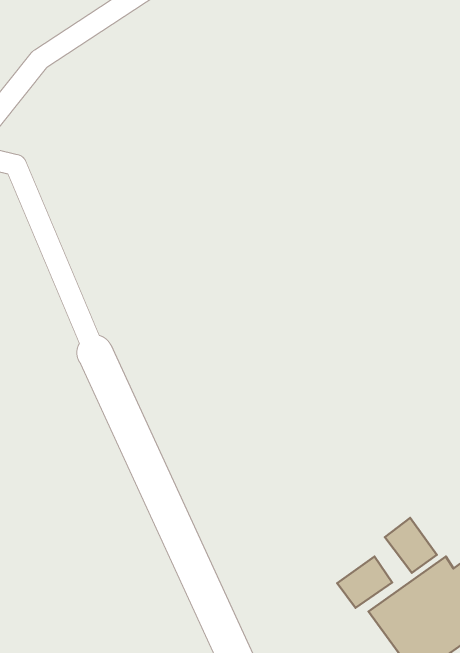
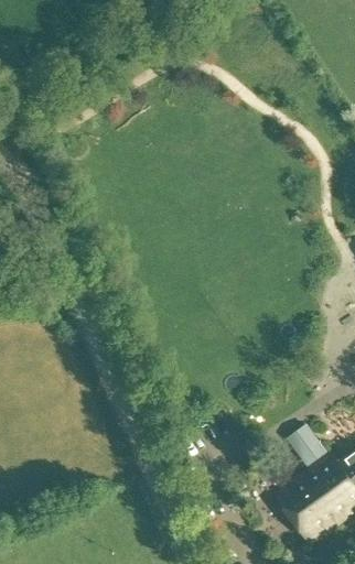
building: [337,556,392,608] -> none

